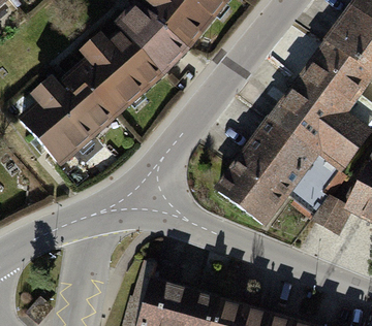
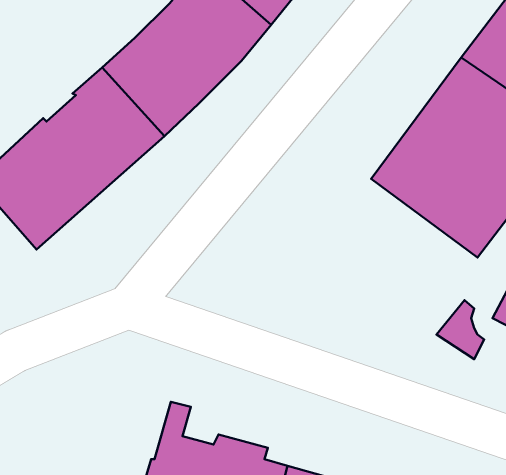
building: [218,119,338,223] -> none

